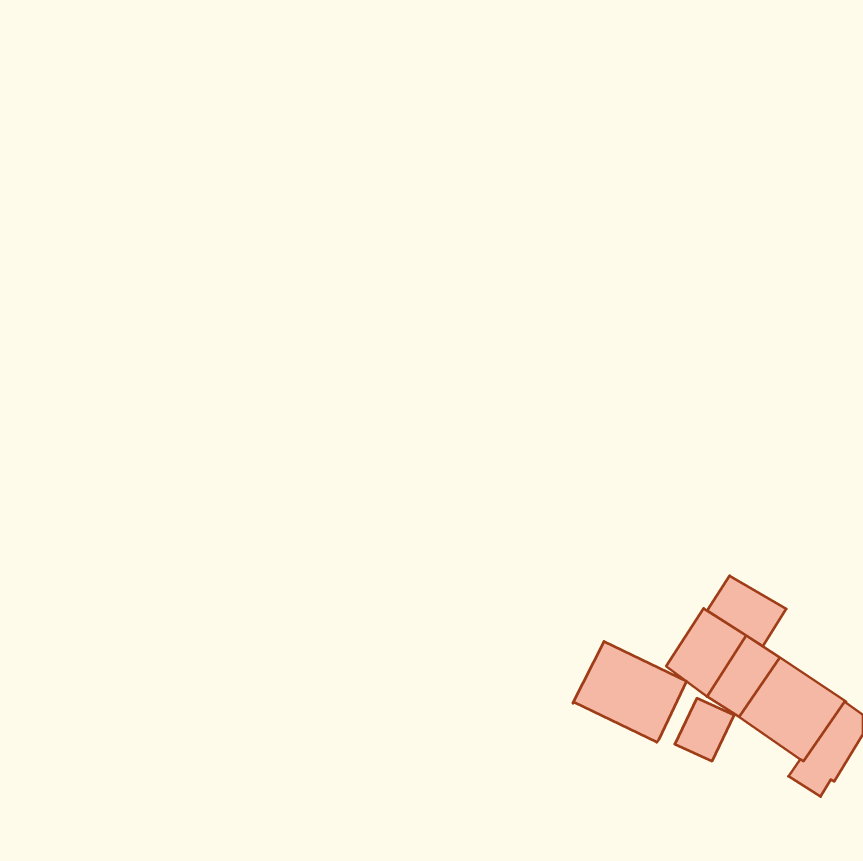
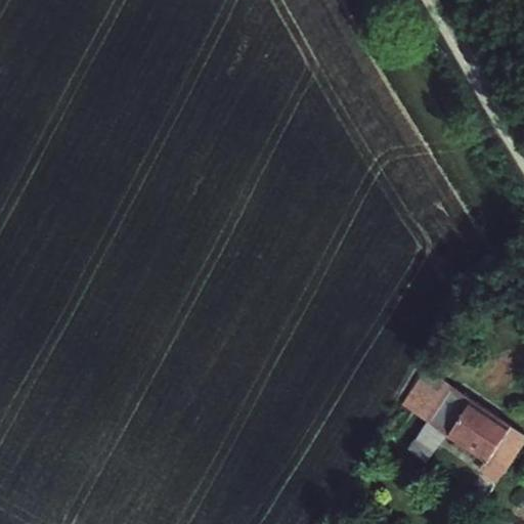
building: [707,576,786,646] -> none
building: [573,641,686,742] -> none

